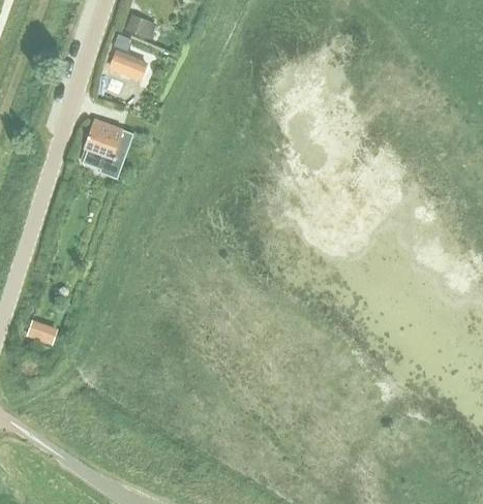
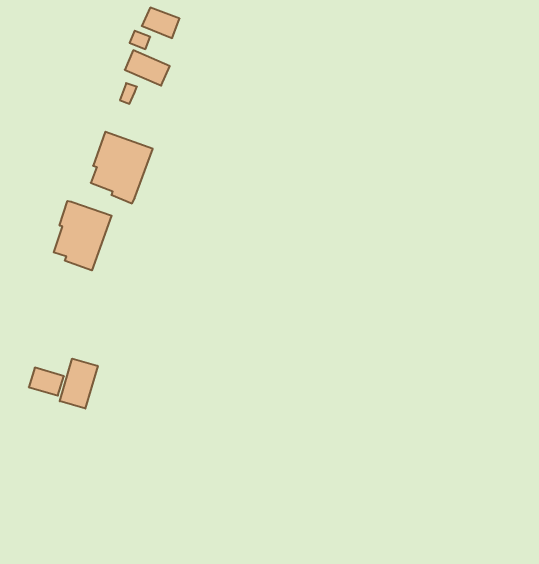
building: none -> [54,201,112,270]
building: none -> [60,359,98,409]

